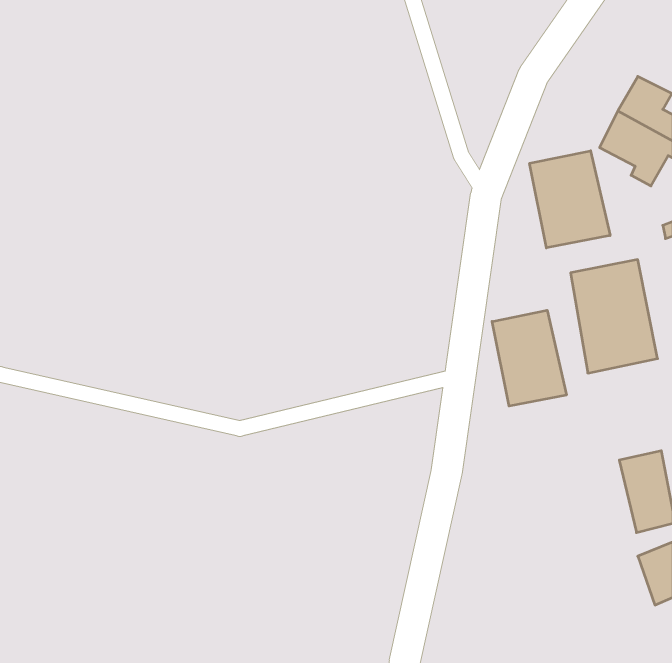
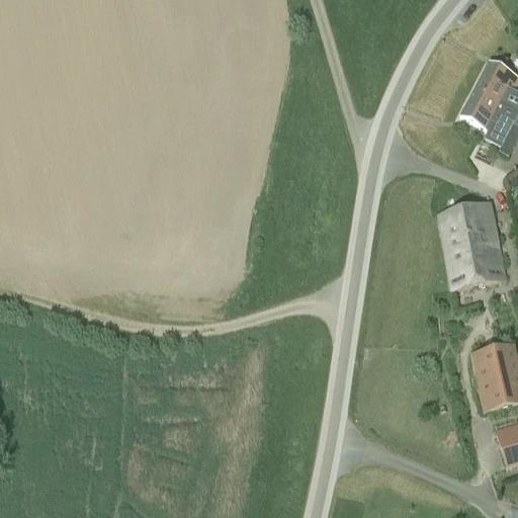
building: [530,151,610,248] -> none
building: [492,310,566,406] -> none

